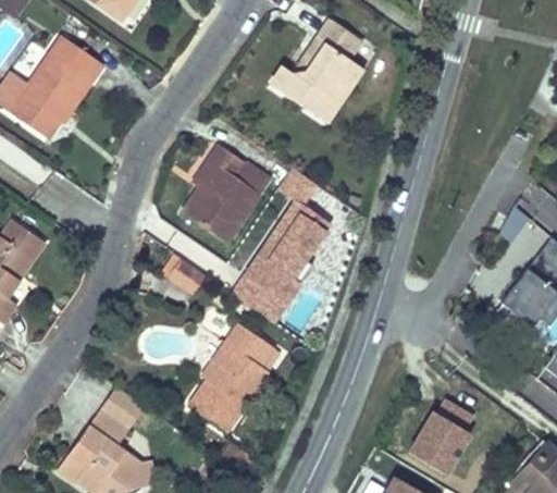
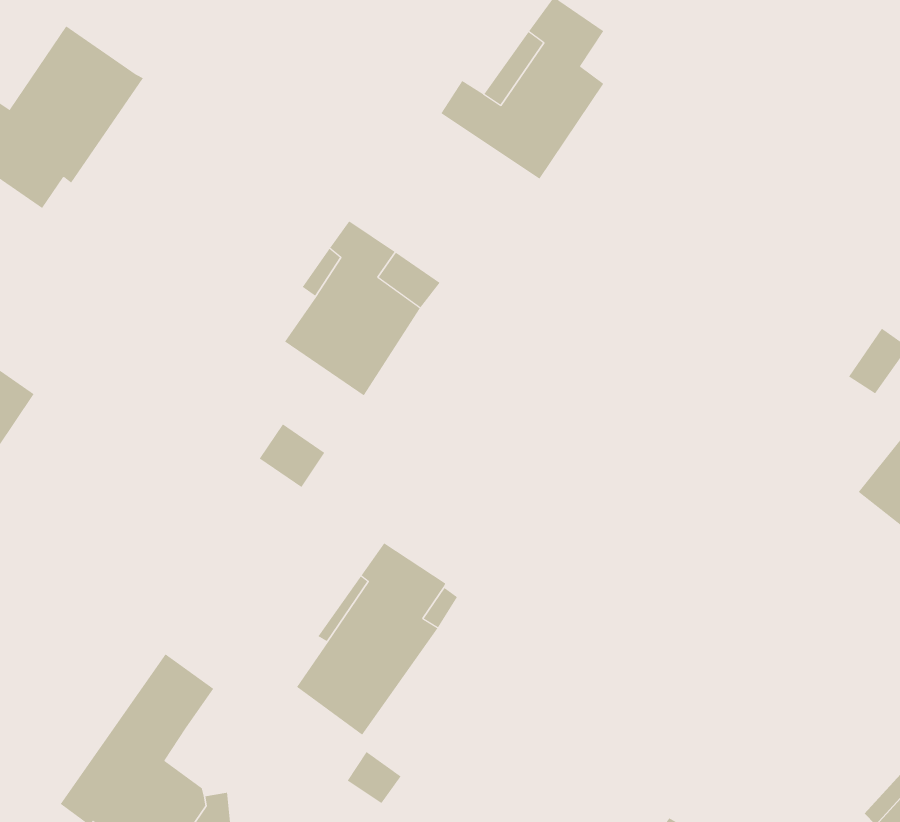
building: [234,168,330,319] -> none
building: [410,395,481,476] -> none

